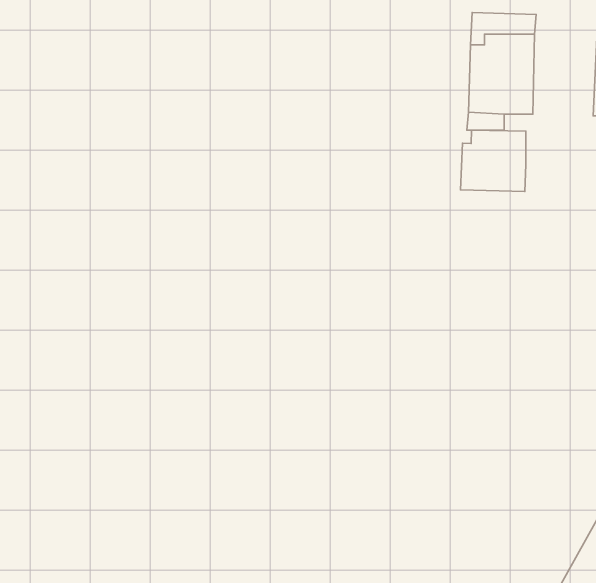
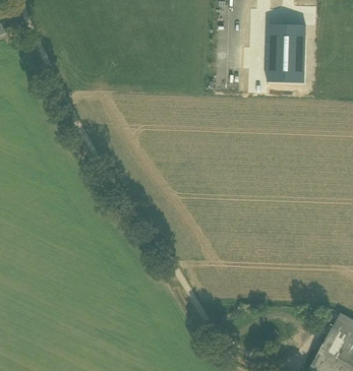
building: [461,130,526,191] -> none

